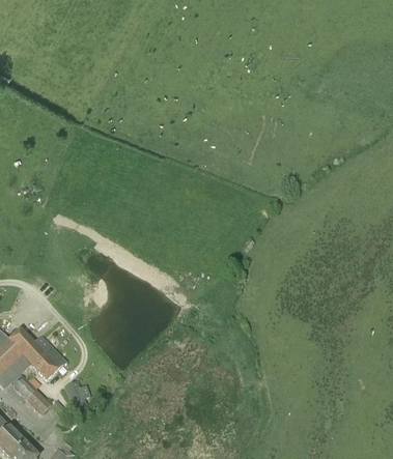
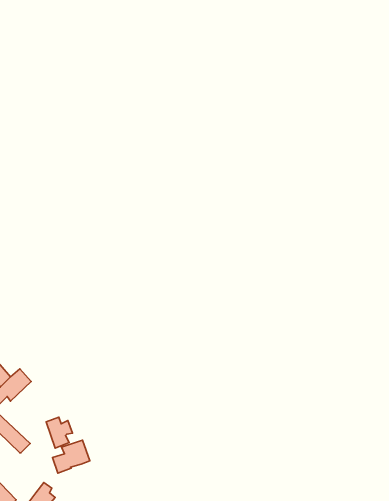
building: [32,349,64,380] -> none
building: none -> [53,440,90,473]

